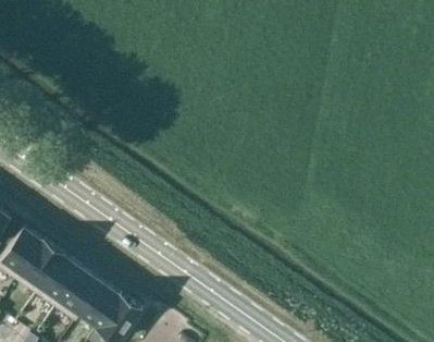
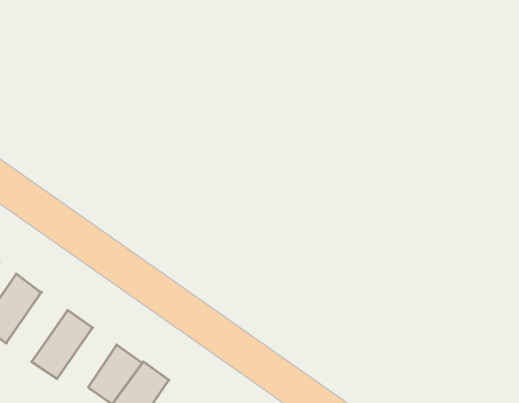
building: [15,239,64,293] -> none
building: [54,267,100,320] -> none

